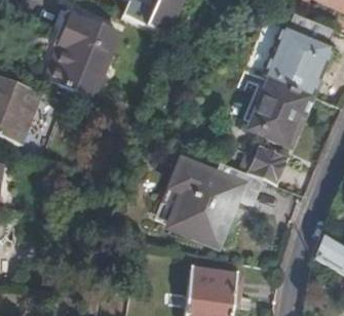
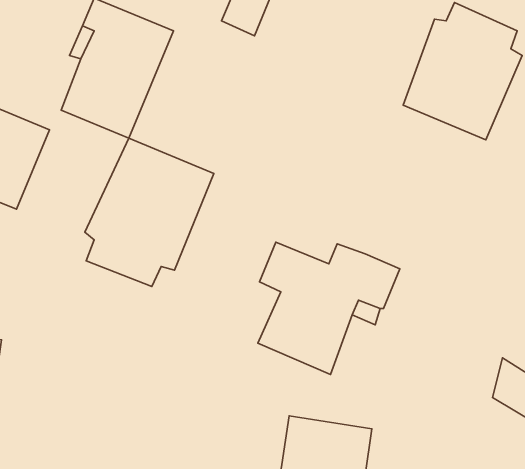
building: [249,83,313,147] -> none
building: none -> [85,138,214,286]
building: [238,146,286,185] -> none

